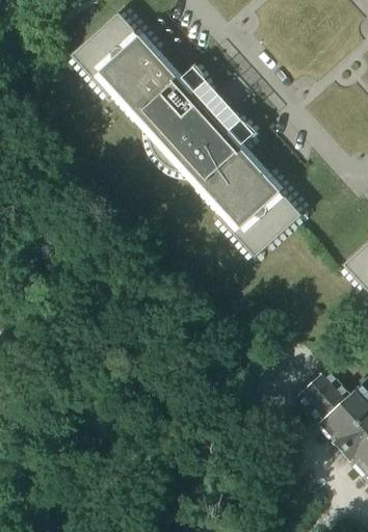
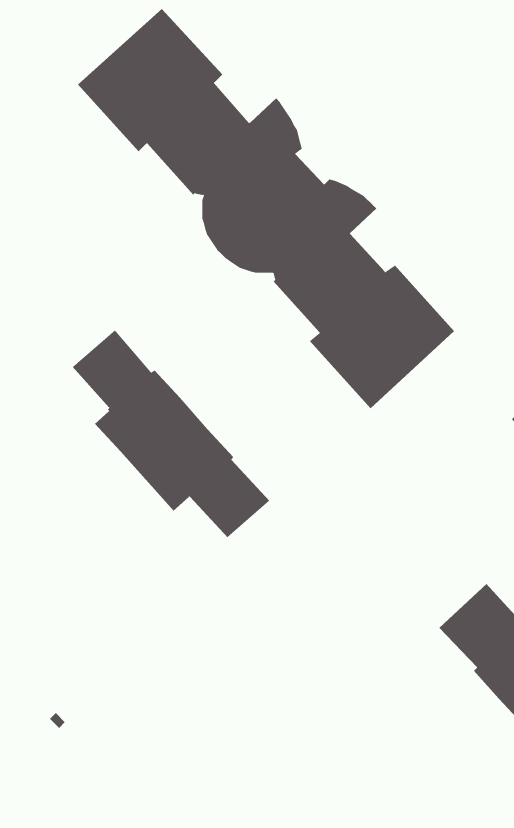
building: none -> [72,329,270,538]

